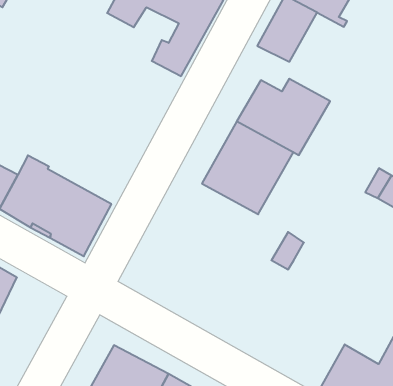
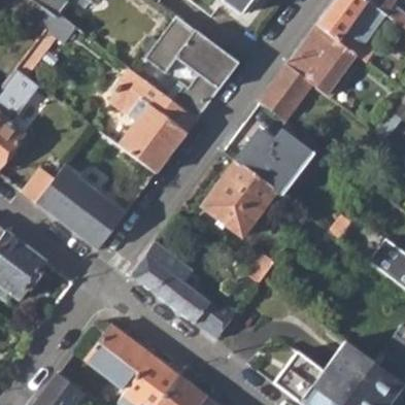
building: none -> [110,71,197,173]
building: none -> [131,242,239,340]

